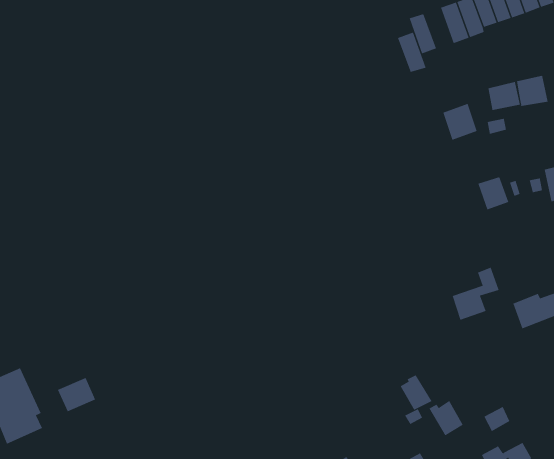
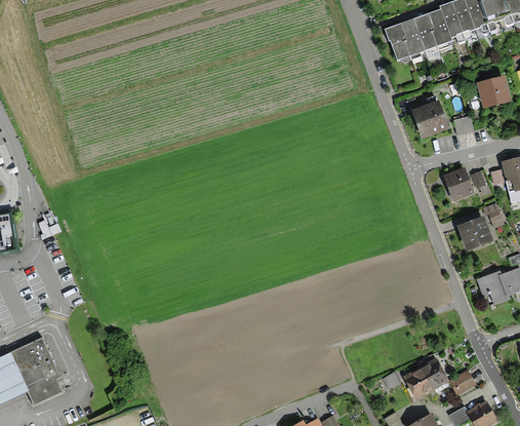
building: [397,32,426,73] -> [398,20,424,55]
building: [488,81,520,111] -> none
building: [452,267,499,320] -> [461,202,503,249]
building: [400,374,432,411] -> [421,355,449,387]
building: [57,377,96,412] -> none

